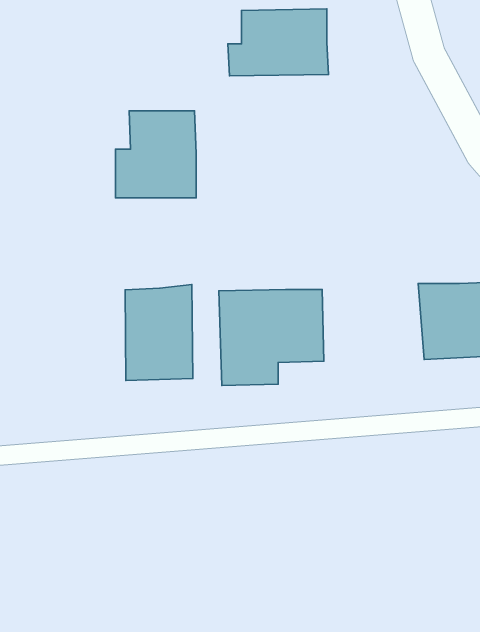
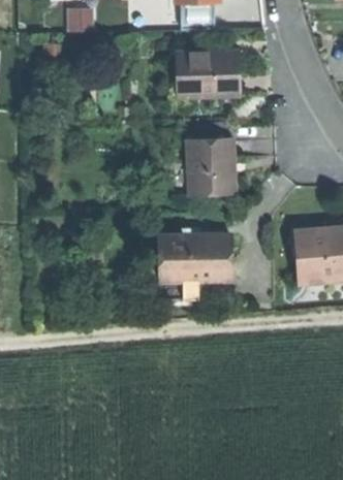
building: [115,111,196,198] -> [180,132,235,191]
building: [125,284,193,380] -> none

